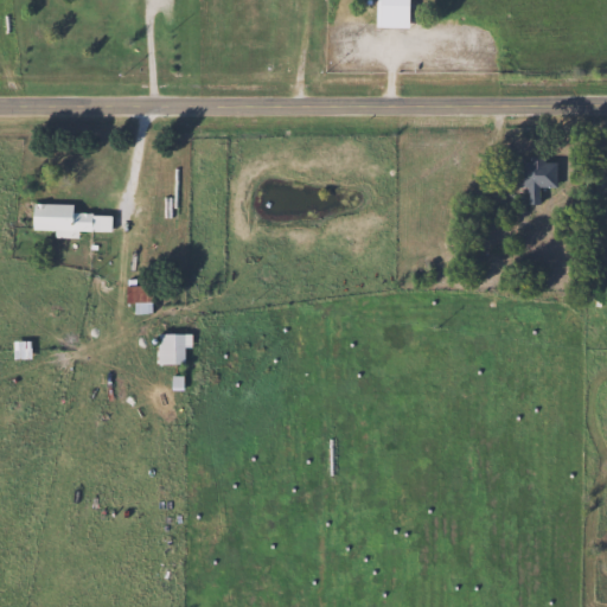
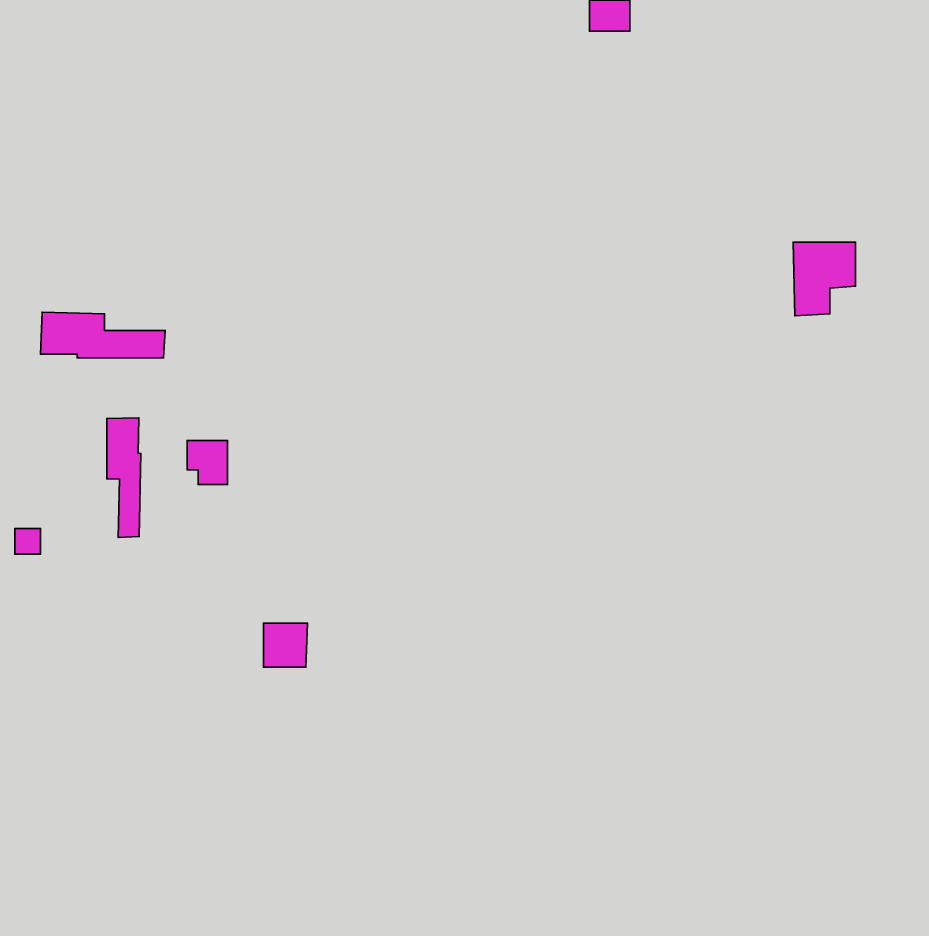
building: none -> [107,418,141,538]
building: [159,336,187,364] -> [264,623,308,667]

